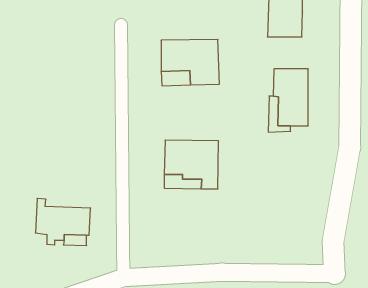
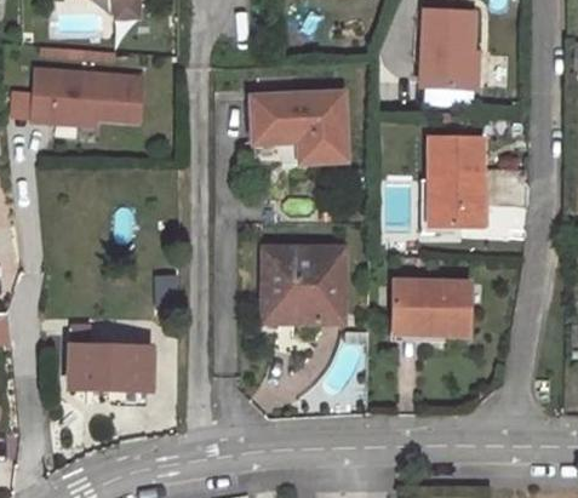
building: none -> [34,68,144,121]
building: none -> [393,280,470,325]

